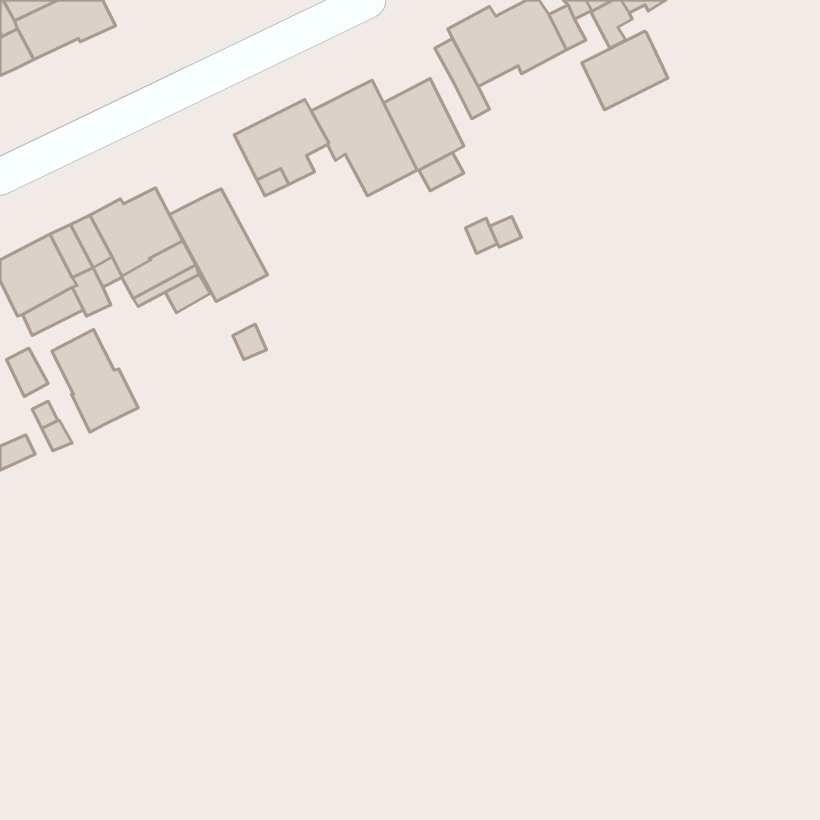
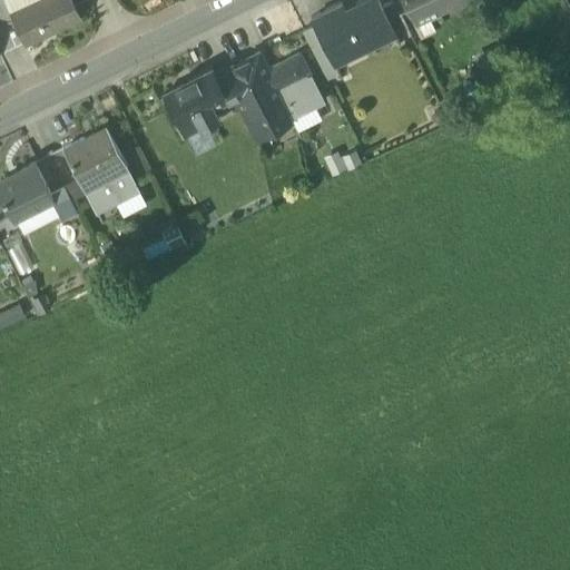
building: [582,31,668,110] -> none
building: [170,189,267,301] -> none
building: [52,330,138,432] -> none

